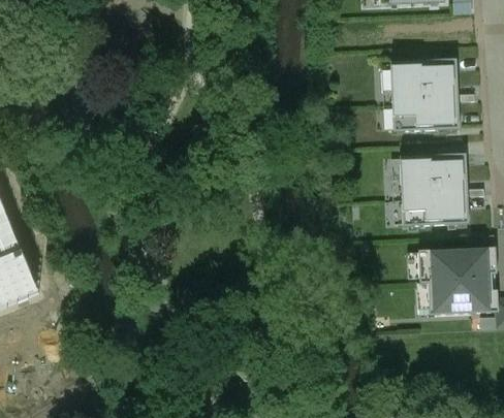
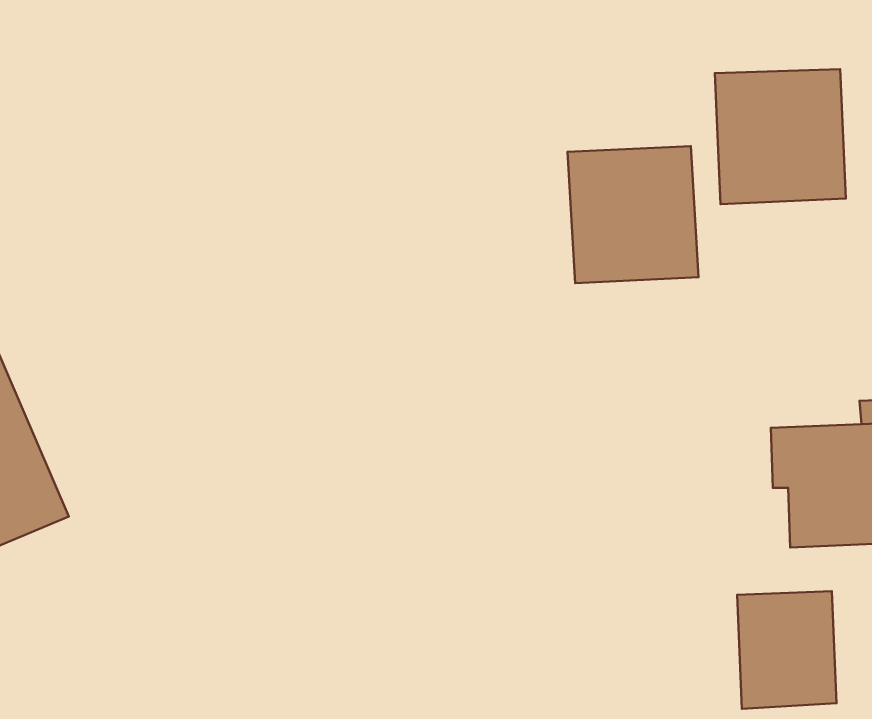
building: [398,153,468,226] -> [567,146,699,283]
building: none -> [737,591,837,709]

